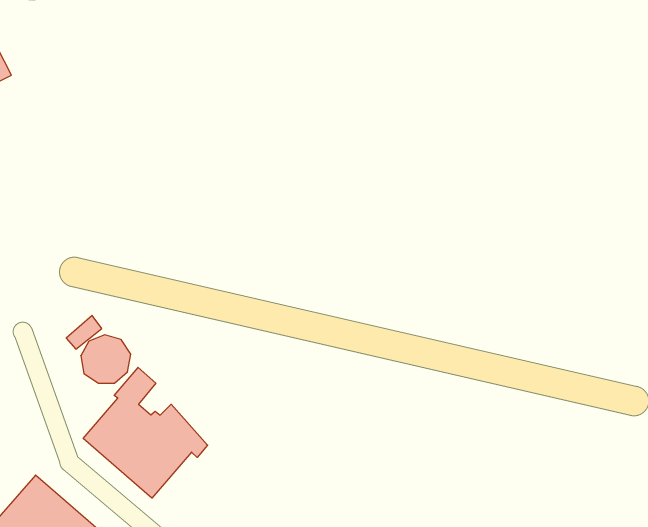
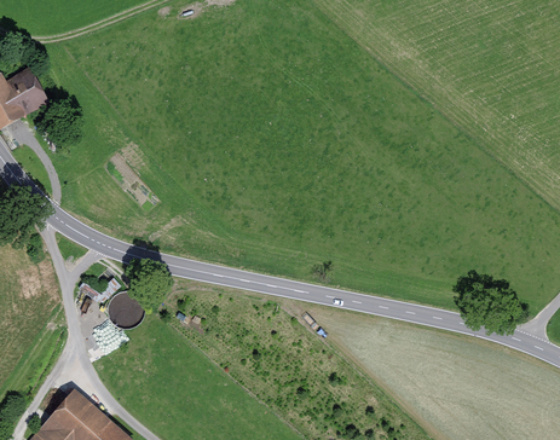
building: [83,367,208,498] -> none

